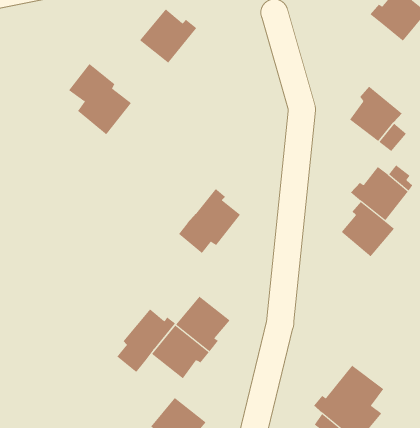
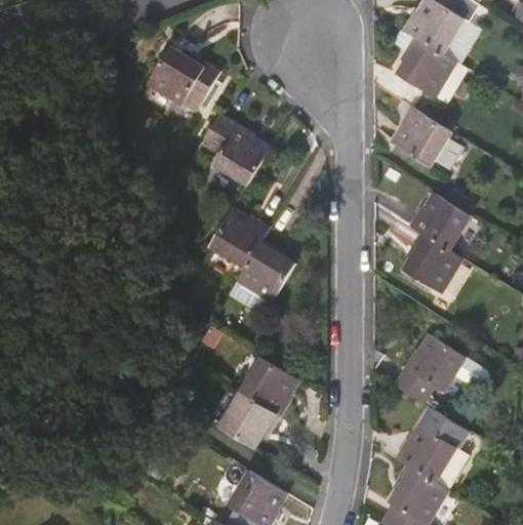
building: none -> [400,36,457,96]
building: [68,63,132,135] -> [202,104,273,179]
building: none -> [207,208,268,267]
building: none -> [394,337,488,406]
building: [116,308,176,373] -> none

